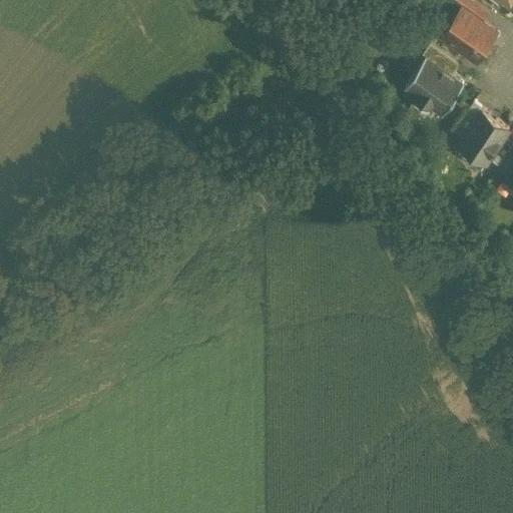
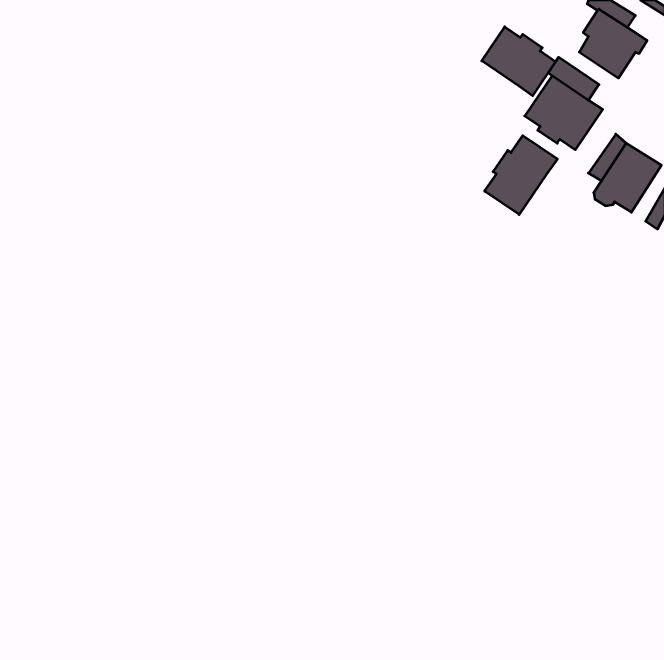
building: none -> [482,27,556,96]
building: none -> [485,136,557,215]

